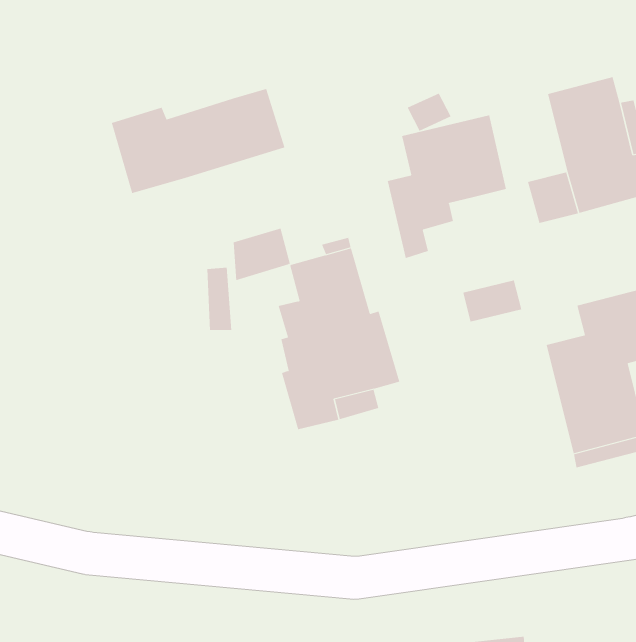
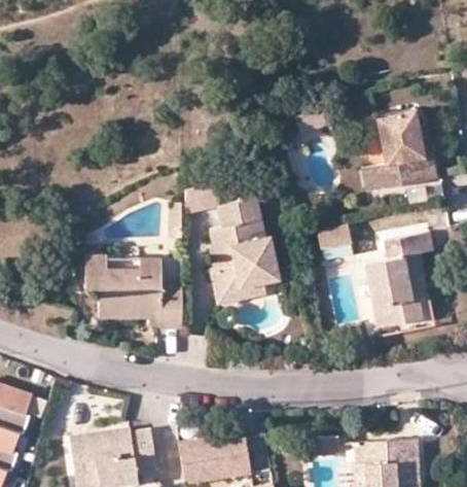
building: [111,88,285,194] -> none
building: [387,114,507,259] -> none
building: none -> [85,257,182,327]

